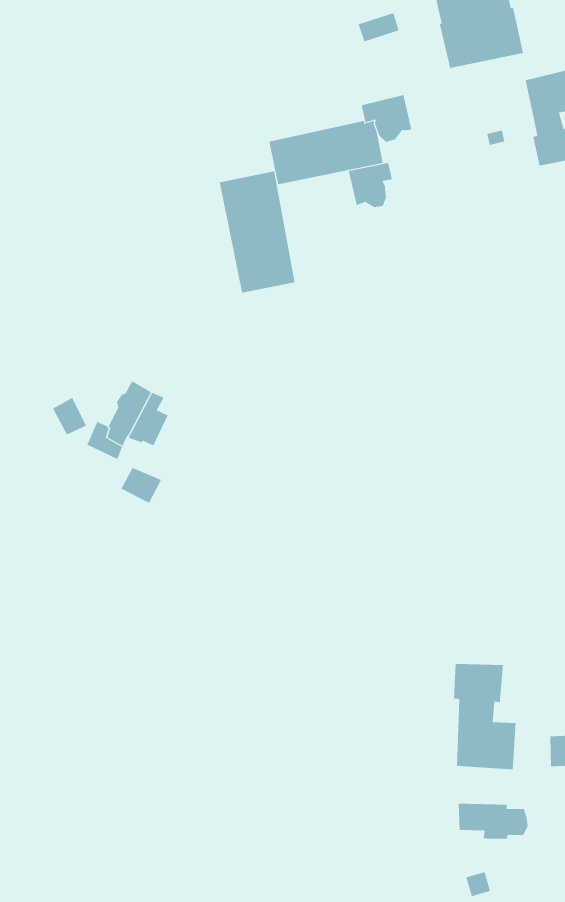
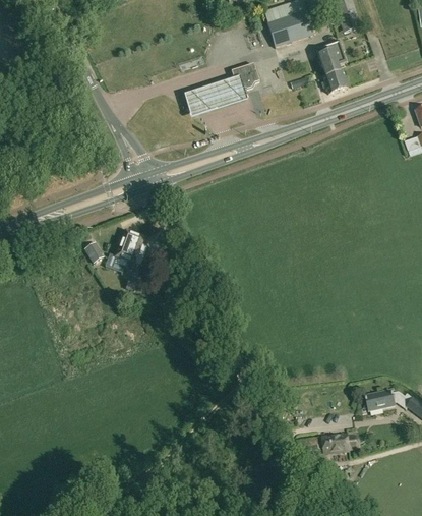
building: [348,162,393,208] -> none
building: [219,170,295,294] -> none
building: [453,663,516,770] -> none

